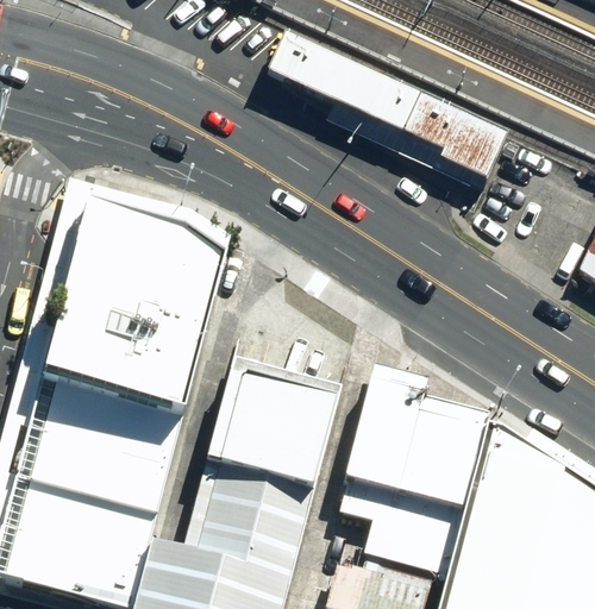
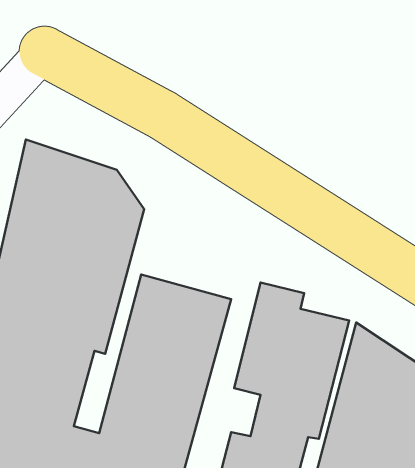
building: [270,36,511,184] -> none

